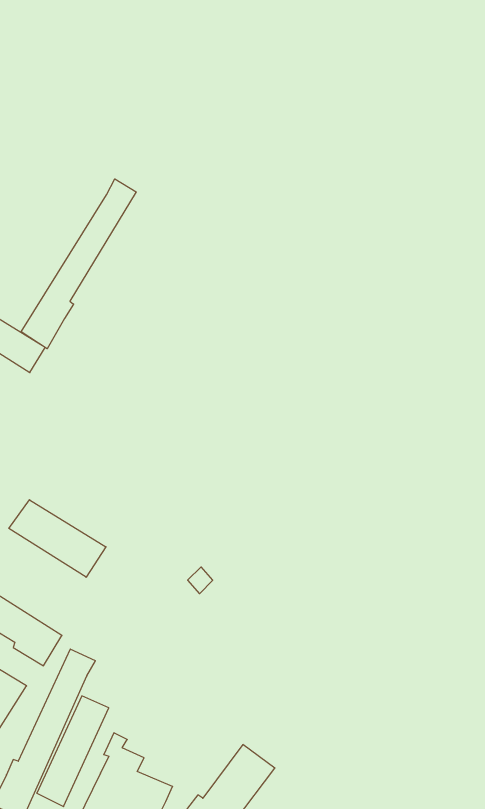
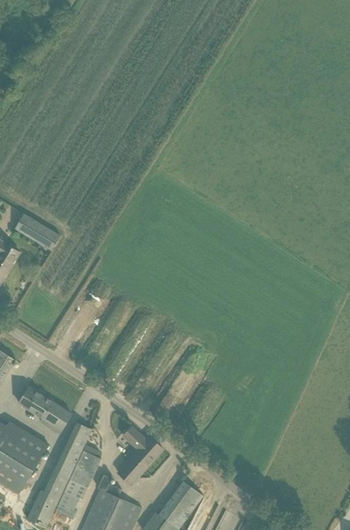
building: [21,179,136,349] -> none
building: [9,500,106,577] -> none
building: none -> [118,426,164,485]

